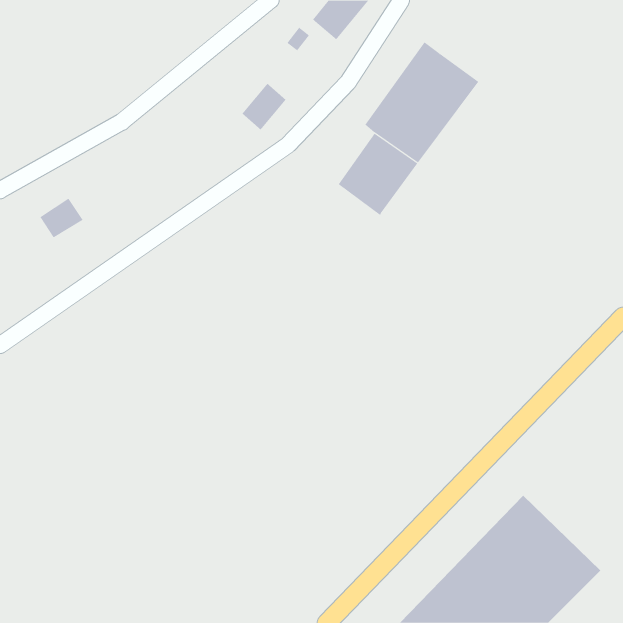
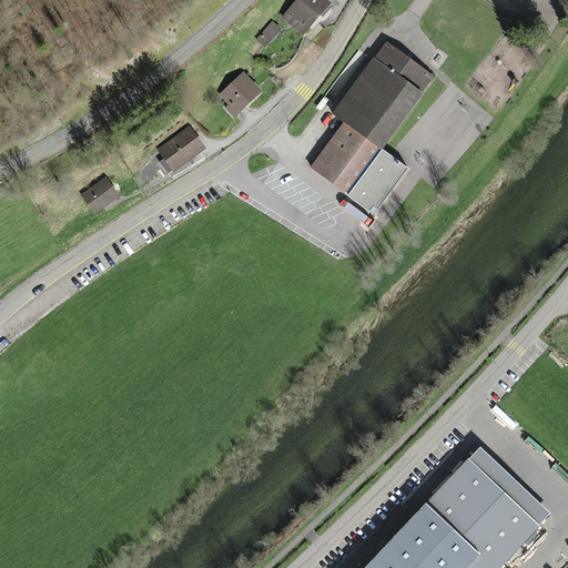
building: none -> [159,129,206,173]
building: none -> [347,149,407,213]
building: [40,198,84,238] -> [81,178,121,214]

